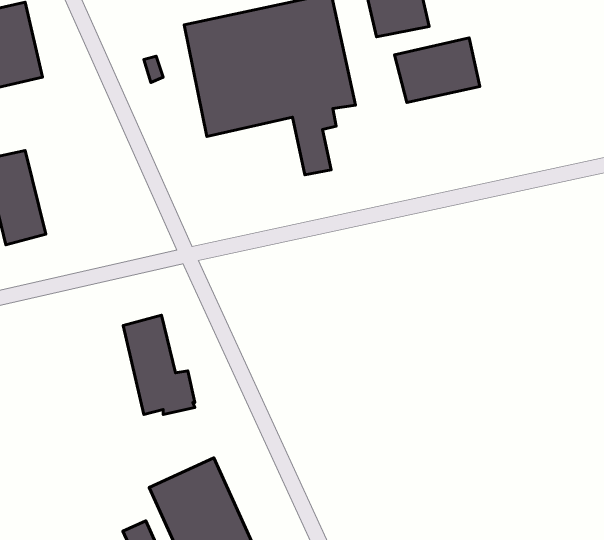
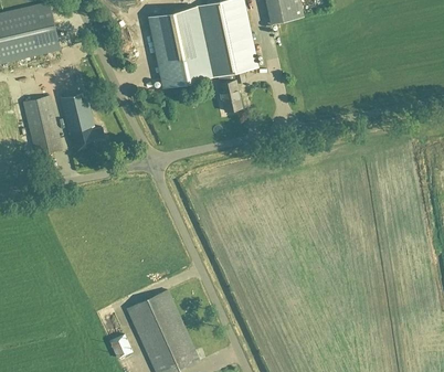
building: [395,38,480,103] -> none
building: [123,315,195,415] -> [61,92,106,155]

